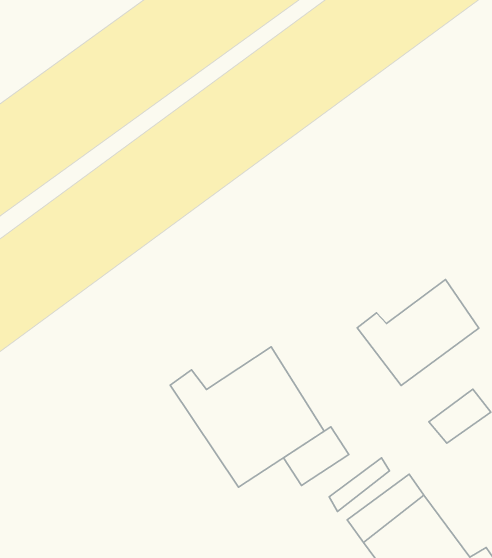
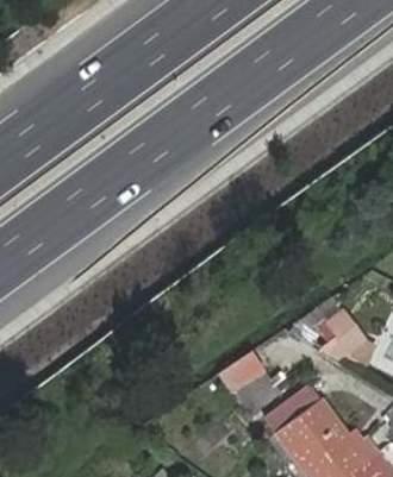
building: [357,280,479,386] -> none
building: [170,347,324,487] -> none

